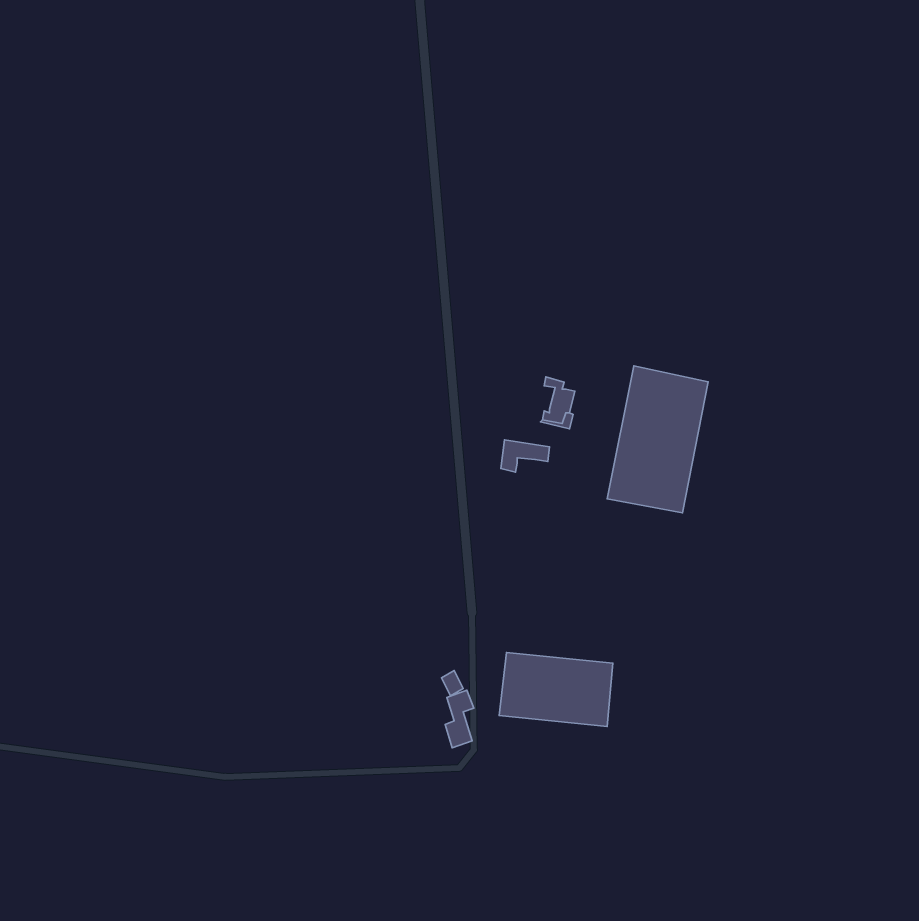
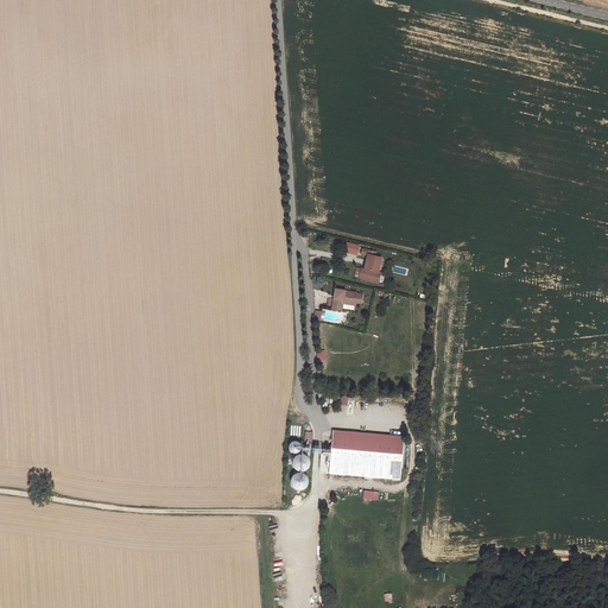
building: [607,366,708,513] -> none

